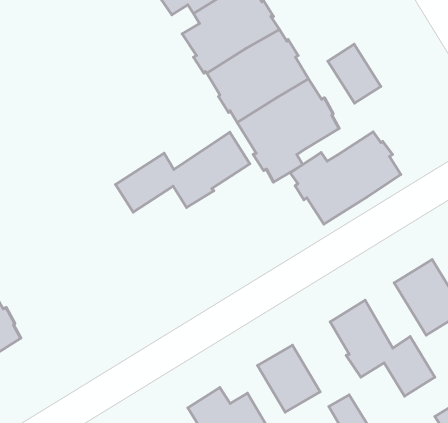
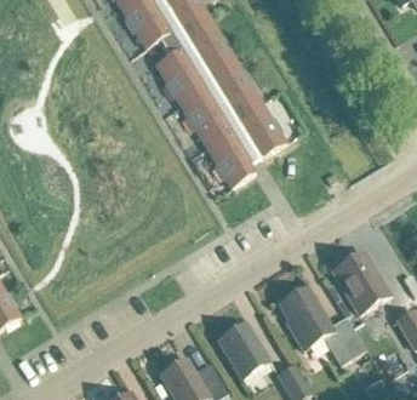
building: [328,44,381,103] -> none
building: [290,132,401,224] -> none
building: [115,132,250,212] -> none

